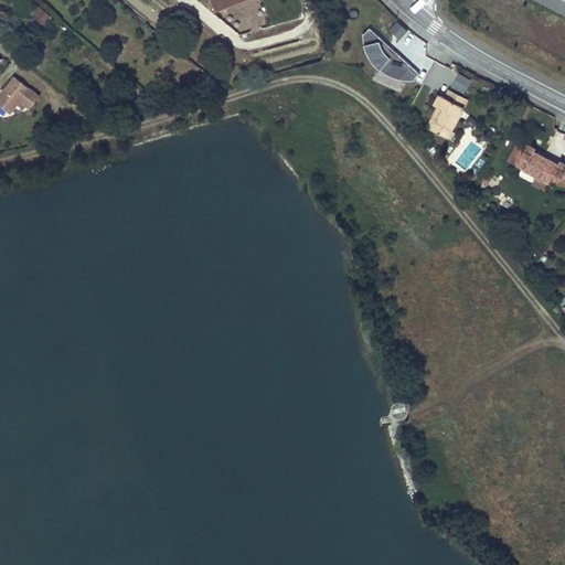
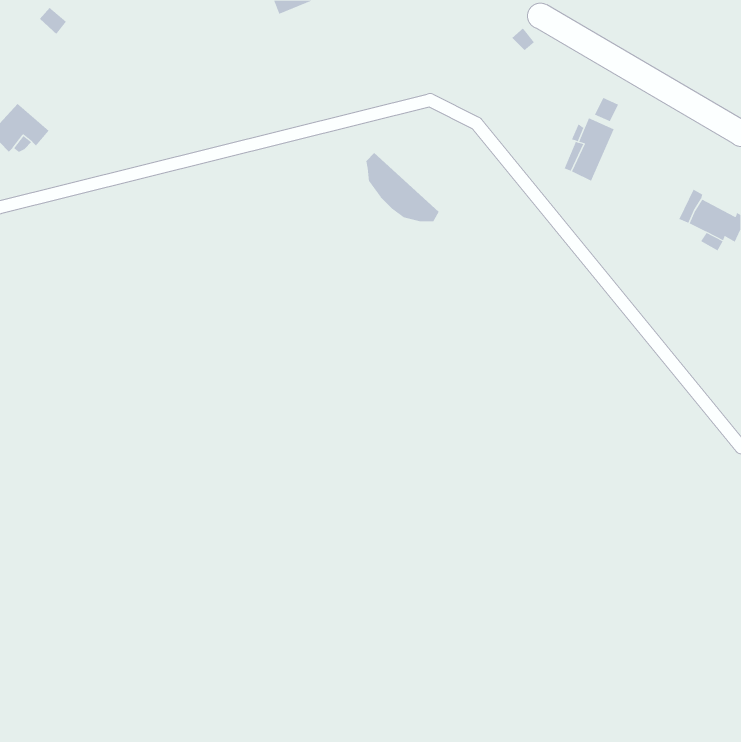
building: [362,28,418,81] -> [365,152,439,222]

